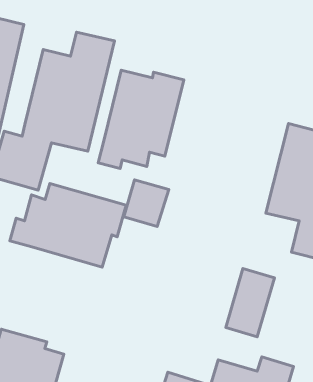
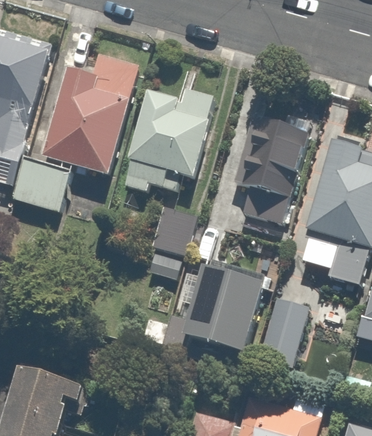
building: none -> [220,108,307,225]
building: [10,184,126,267] -> none
building: none -> [179,264,262,352]

